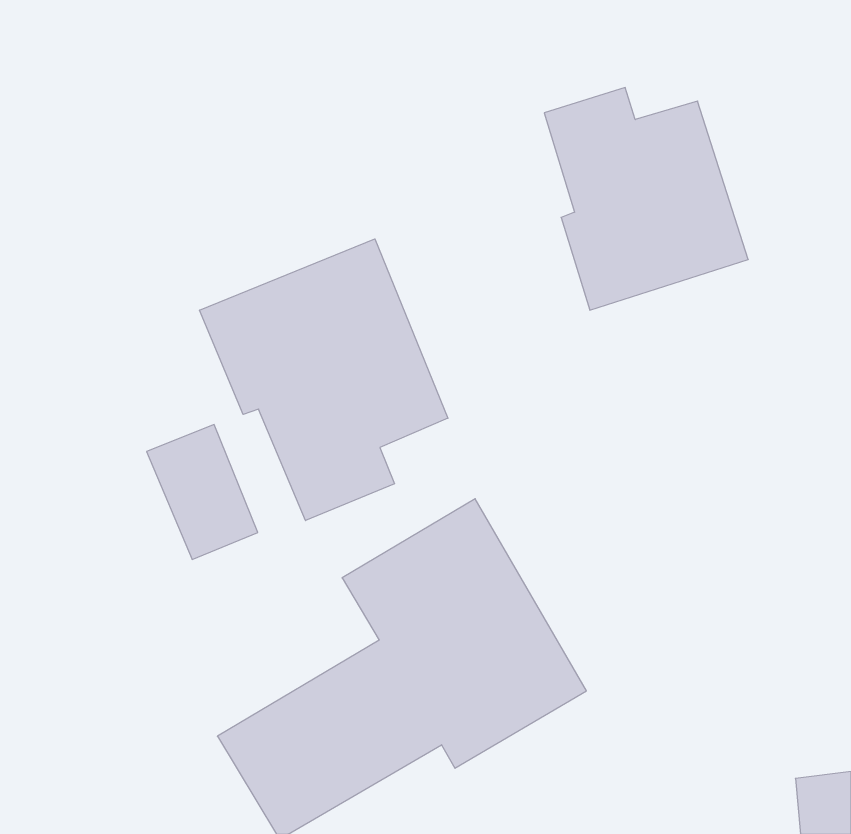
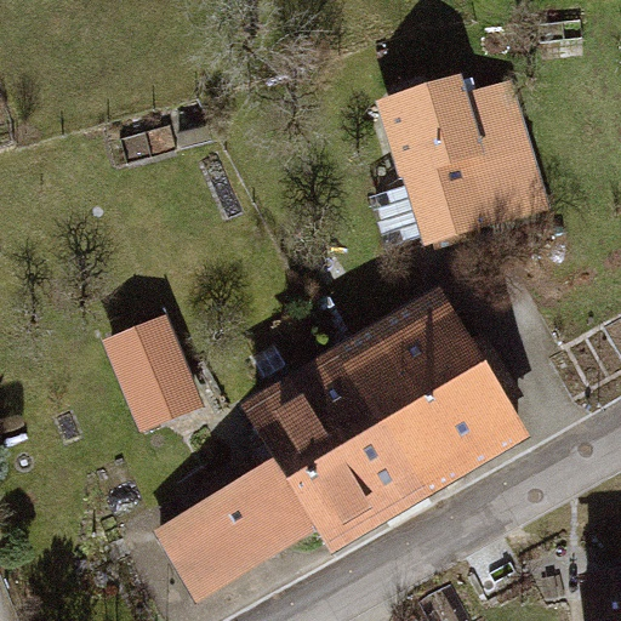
building: [200,239,448,521] -> none
building: none -> [342,301,522,497]

